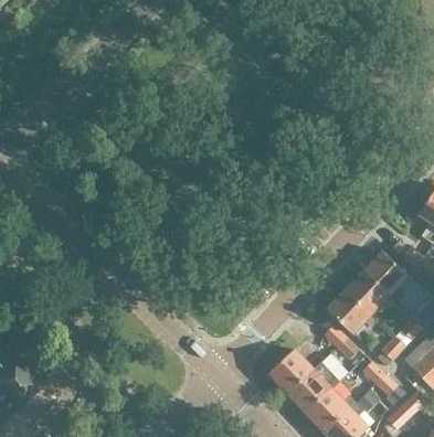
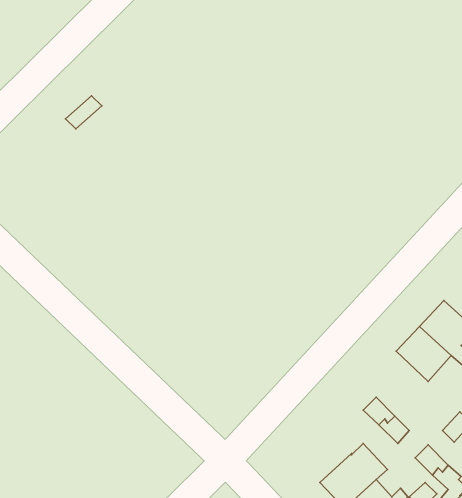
building: [327,290,370,333] -> none
building: [268,349,311,391] -> none

